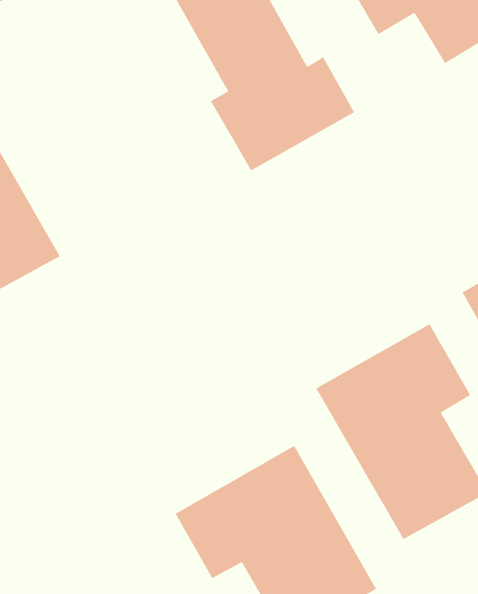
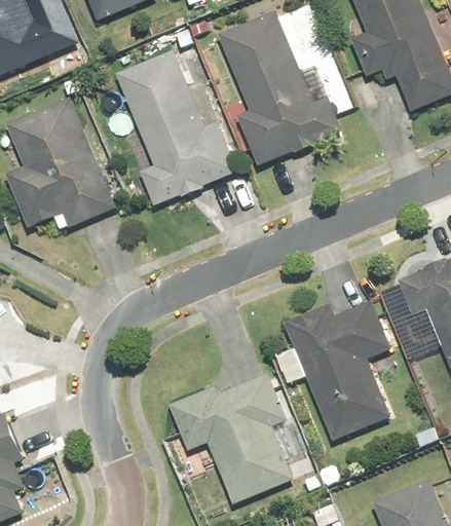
building: none -> [114,44,237,204]

